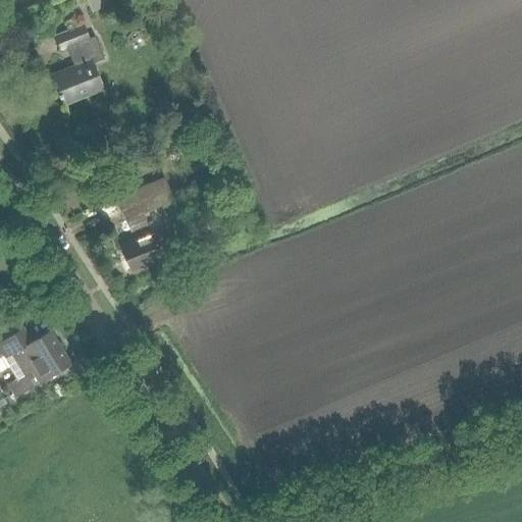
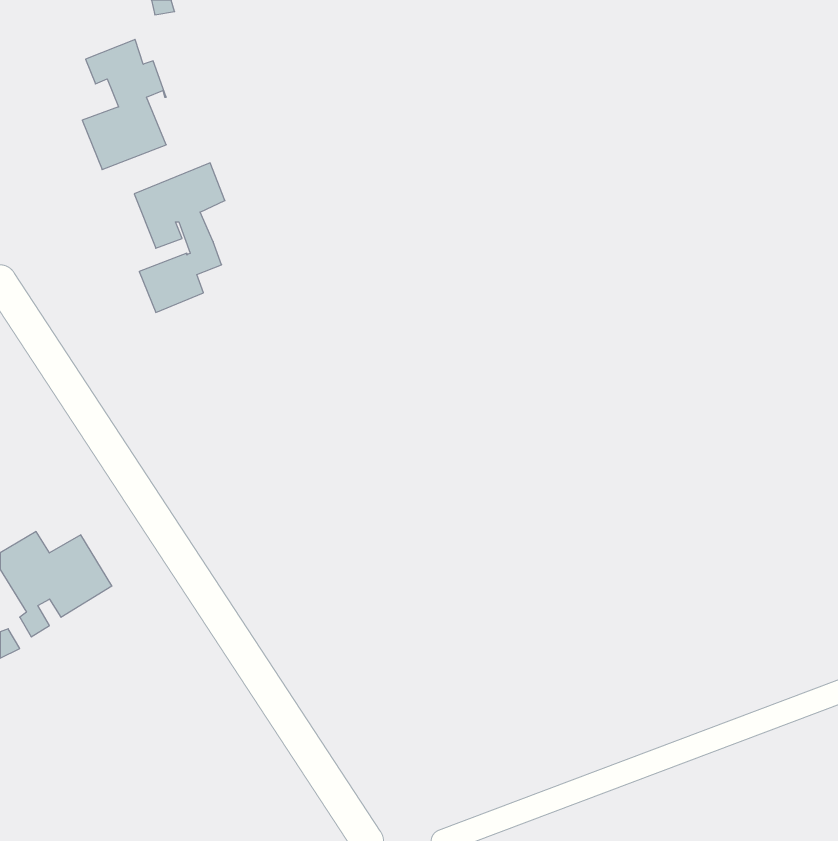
building: [118,178,174,271] -> [134,163,225,312]

